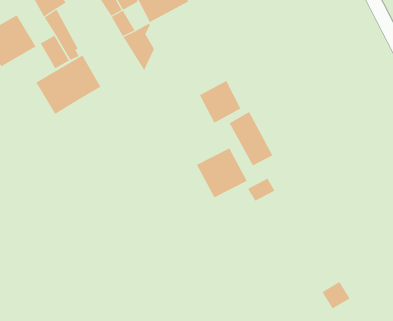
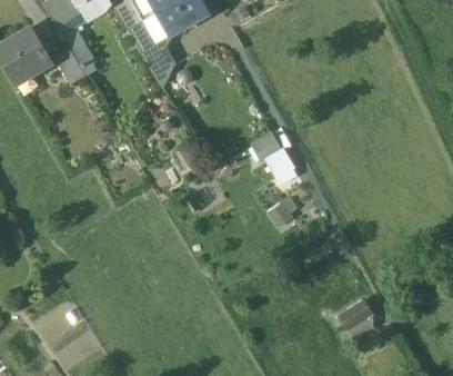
building: [35,55,101,115] -> none
building: [199,80,241,123] -> none
building: [196,147,247,198] -> none

